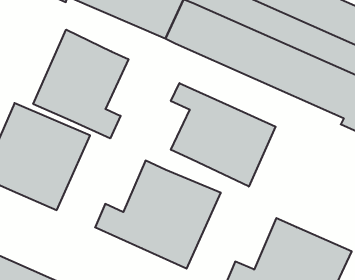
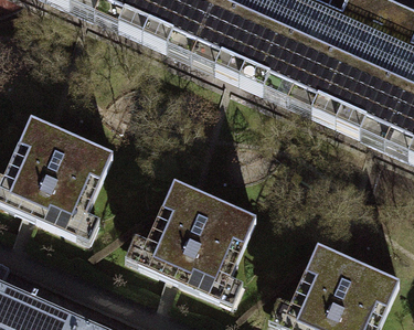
building: [33,30,128,138] -> none
building: [171,83,276,187] -> none

